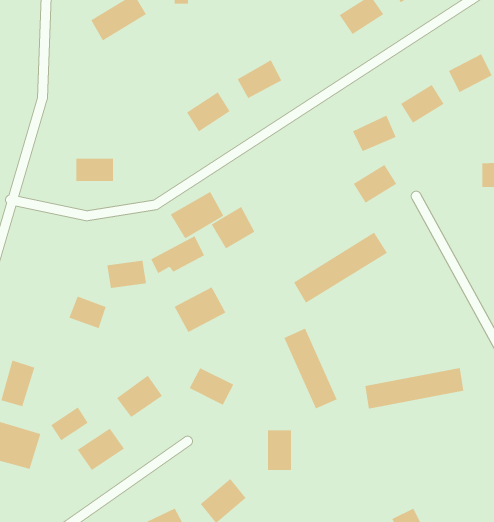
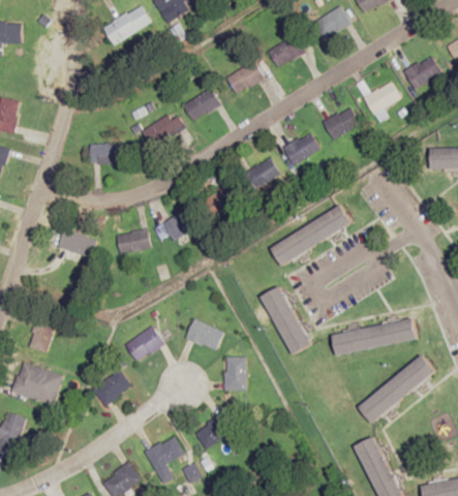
building: none -> [268,36,305,68]
building: [353,164,397,204] -> [282,132,319,165]
building: none -> [243,158,279,190]
building: [170,191,224,239] -> [142,112,187,152]
building: [174,286,226,333] -> none
building: [69,296,107,329] -> [56,228,88,256]
building: [50,406,89,441] -> none
building: none -> [360,355,436,424]
building: [267,430,292,470] -> [223,357,244,391]

